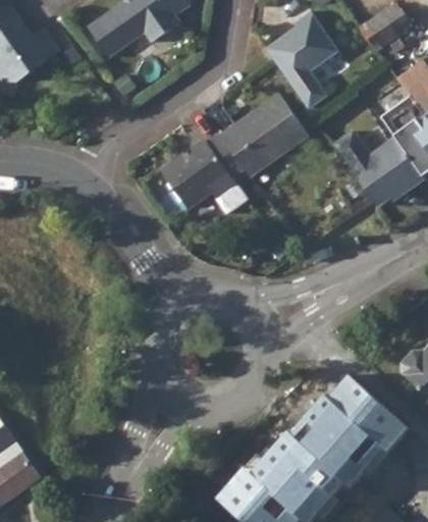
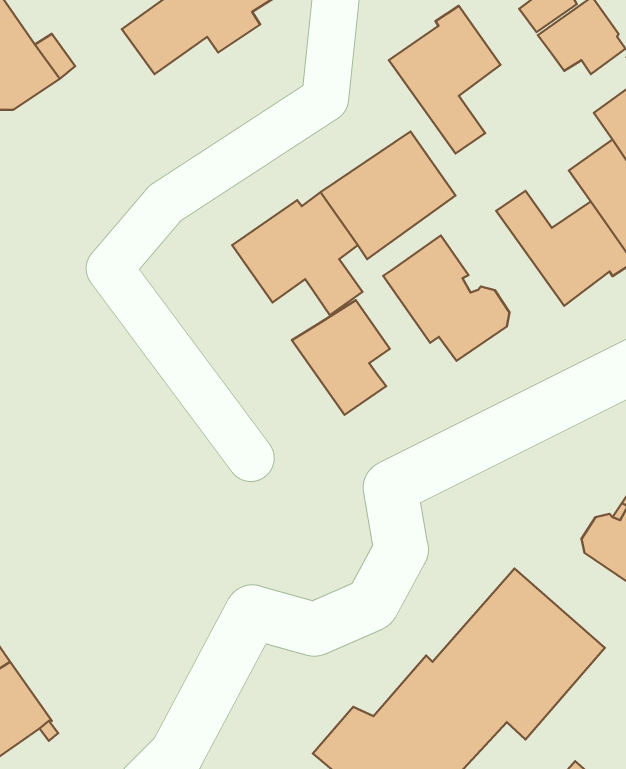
building: none -> [383,235,509,361]
building: none -> [292,300,390,415]

